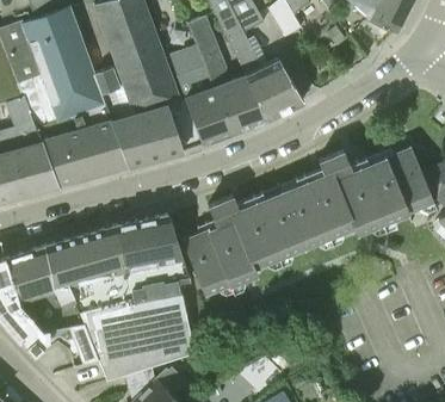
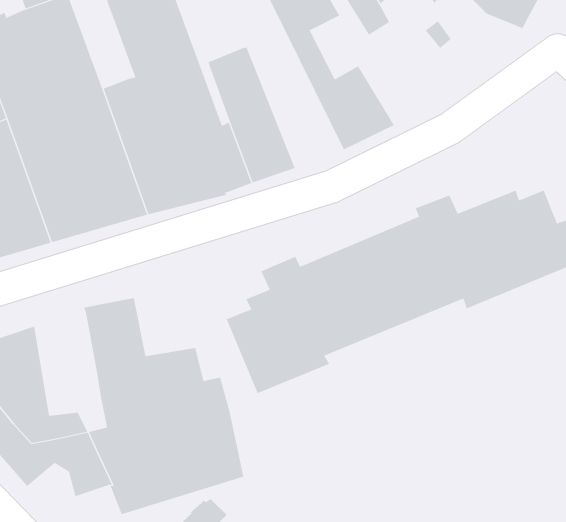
building: [187,17,267,132] -> none
building: [117,215,191,285] -> none
building: [45,235,97,322] -> none

